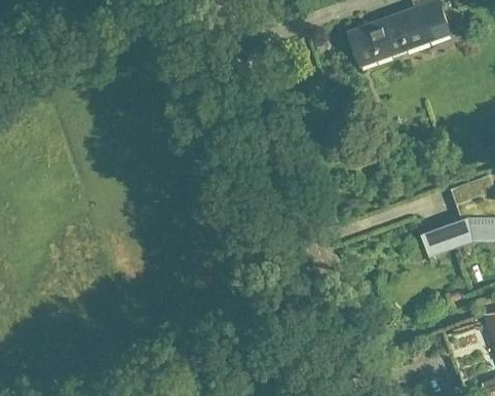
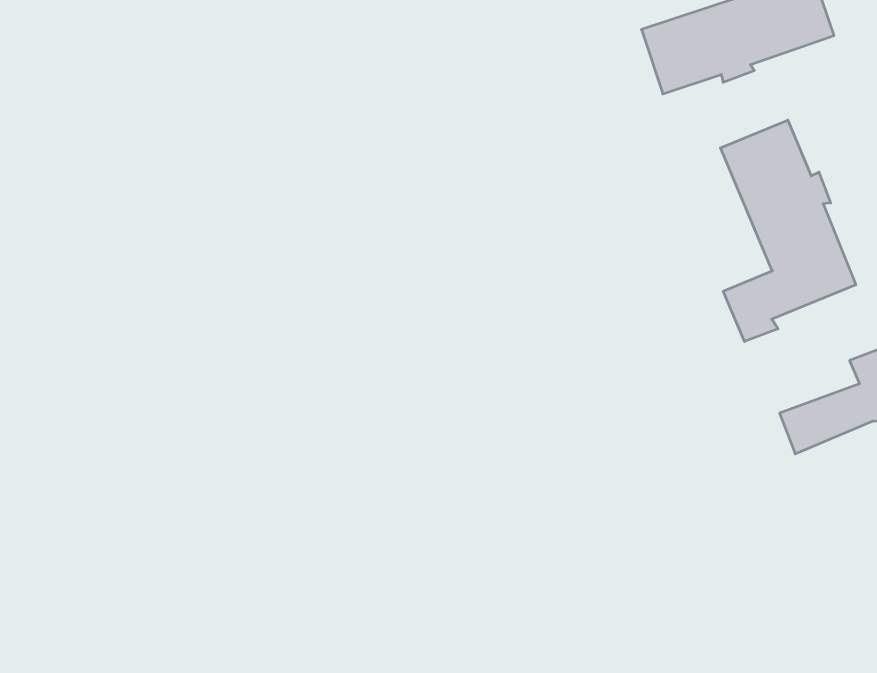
building: none -> [720,120,856,342]

